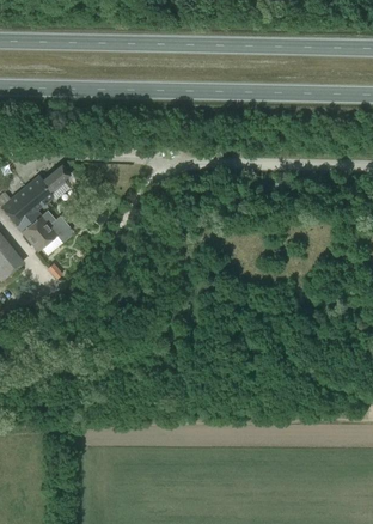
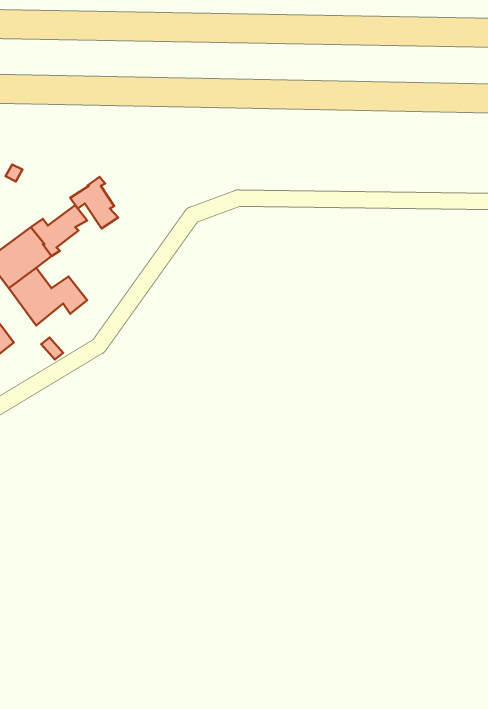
building: none -> [70,177,118,228]

